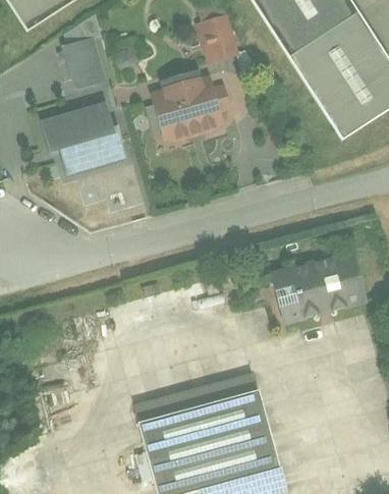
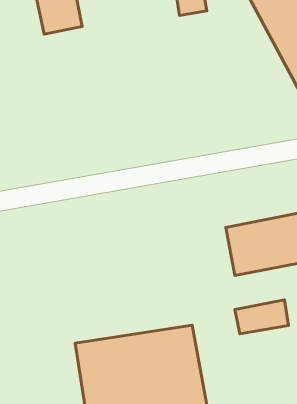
building: [148,74,222,140] -> none
building: [48,107,133,176] -> none
building: none -> [235,300,289,334]

